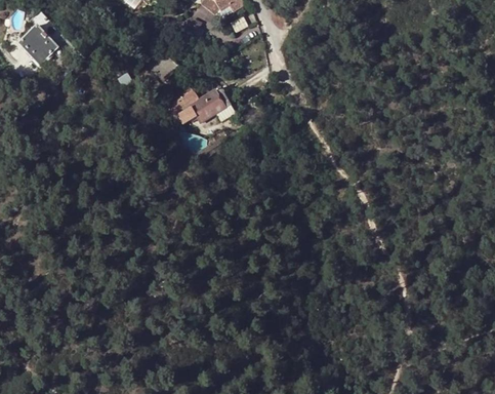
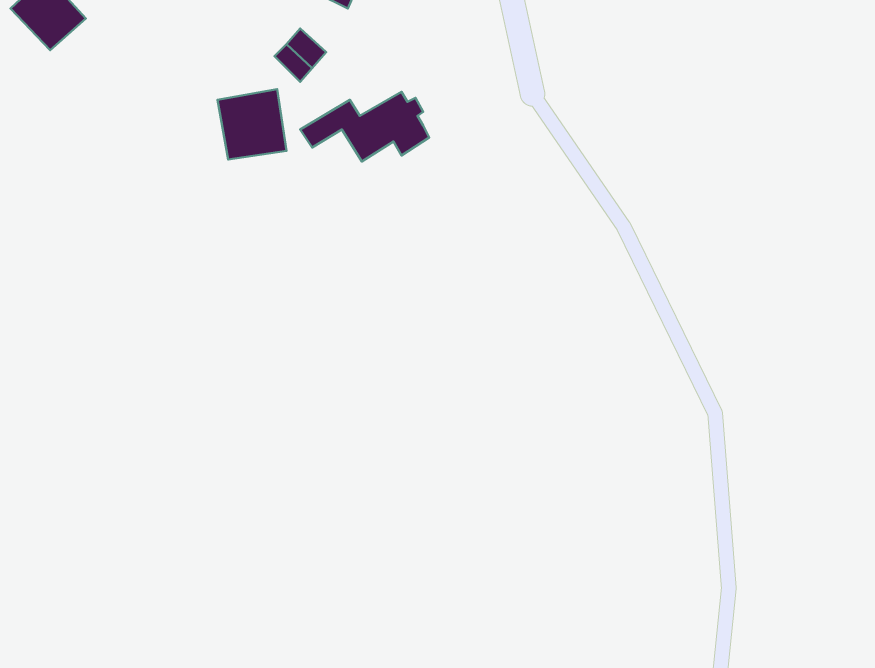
building: none -> [218,89,286,159]

